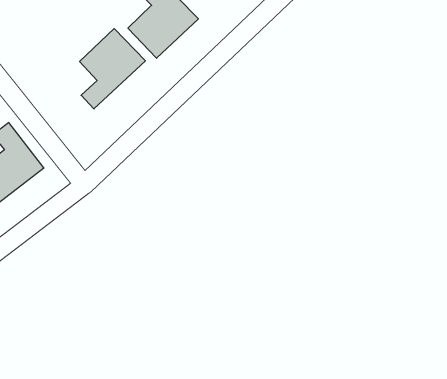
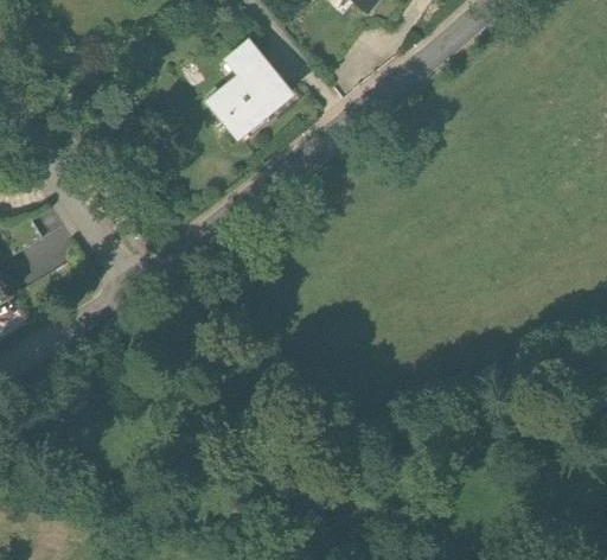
building: [80,29,145,109] -> none

